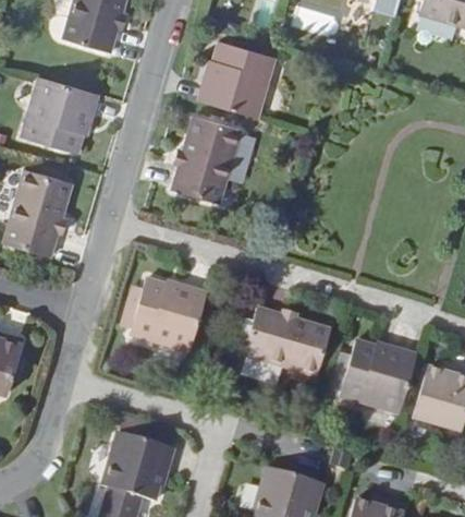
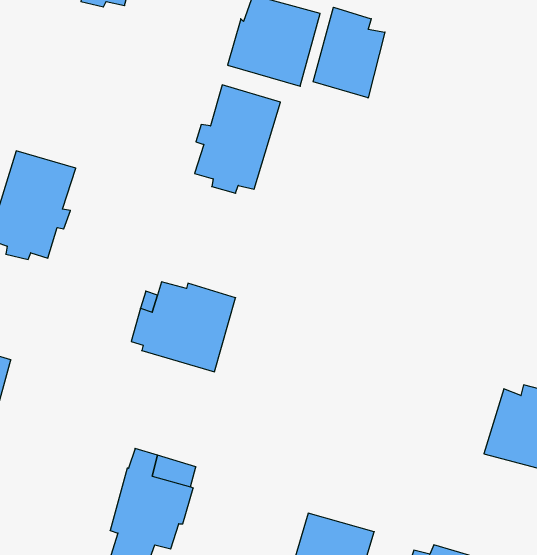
building: none -> [313,7,385,98]
building: [21,79,101,157] -> none
building: [240,310,330,380] -> none
building: [339,342,416,416] -> none

